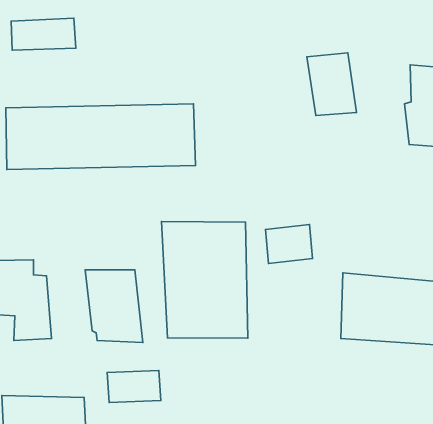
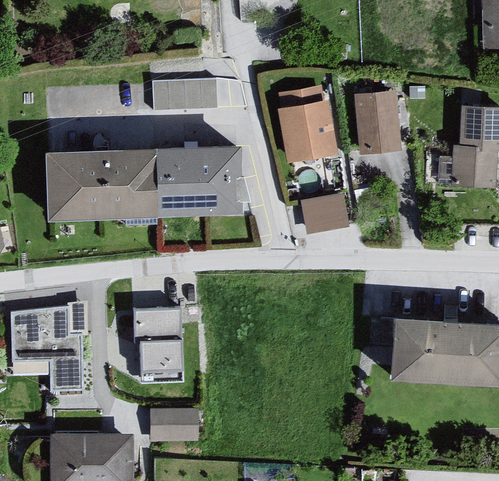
building: [11,18,76,50] -> [156,77,221,109]
building: none -> [274,88,337,163]
building: [161,222,248,338] -> none
building: [266,225,312,263] -> [305,188,352,227]

